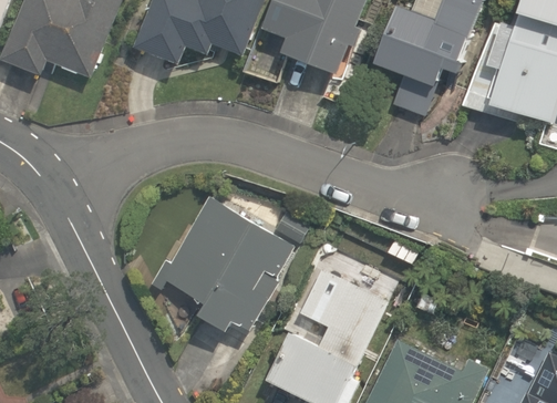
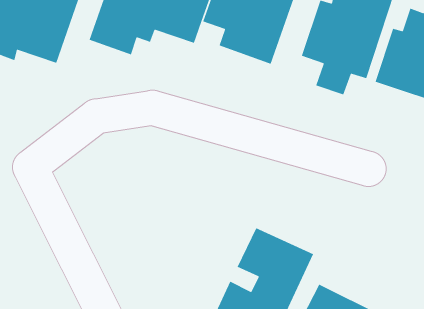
building: [161,195,307,333] -> none

